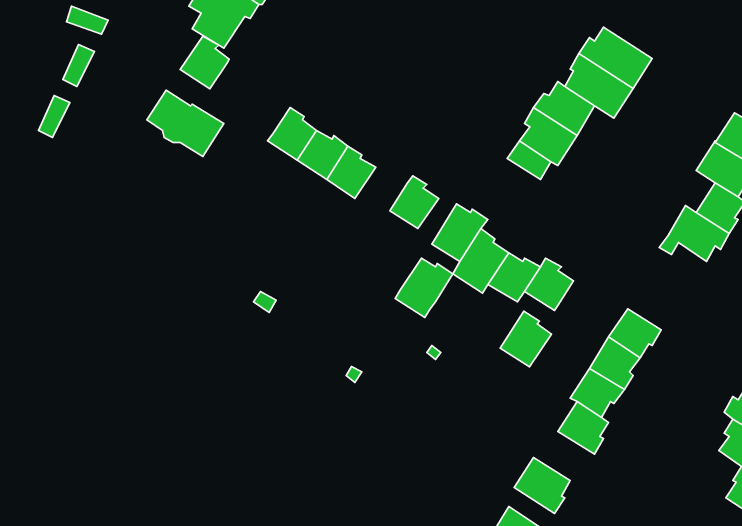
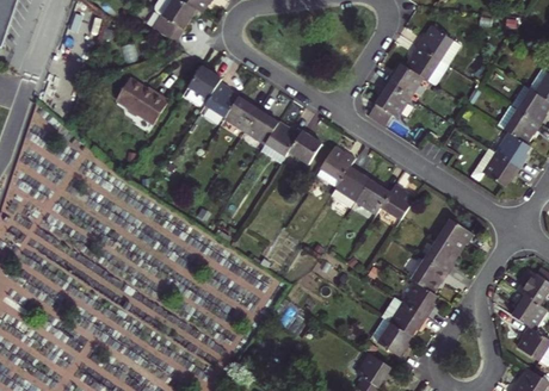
building: [180,36,229,89] -> [187,63,221,99]
building: [395,258,453,318] -> [260,122,300,162]
building: [500,311,551,367] -> none
building: none -> [381,296,427,335]

